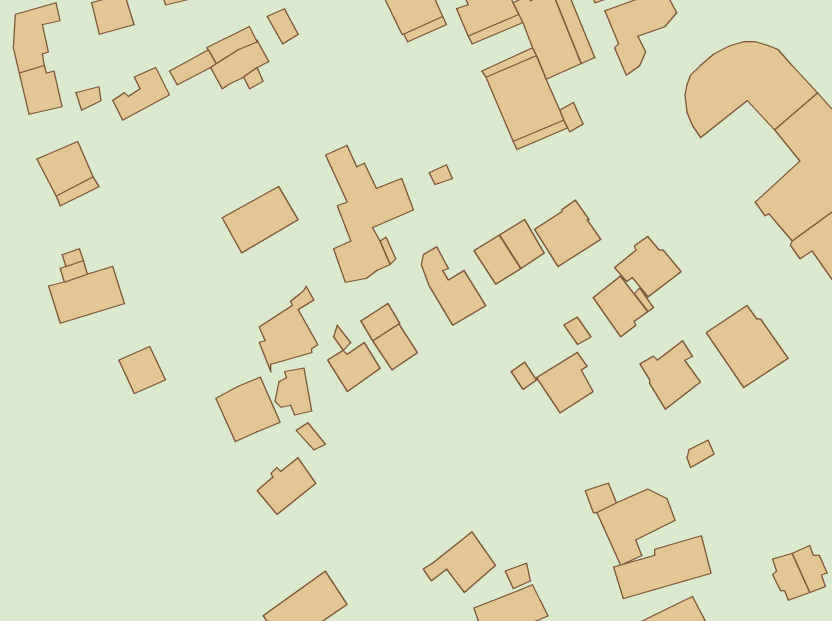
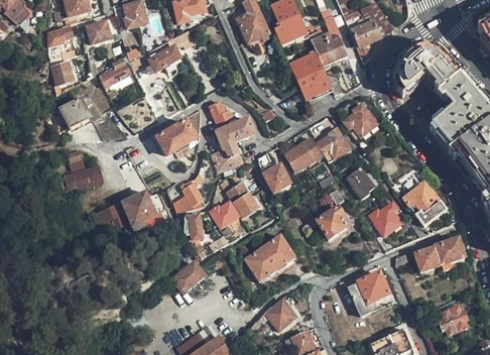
building: [615,236,681,297] -> [343,105,377,136]
building: [216,377,280,442] -> [121,191,154,224]
building: none -> [245,235,295,280]
building: [614,536,711,598] -> [413,238,464,270]

